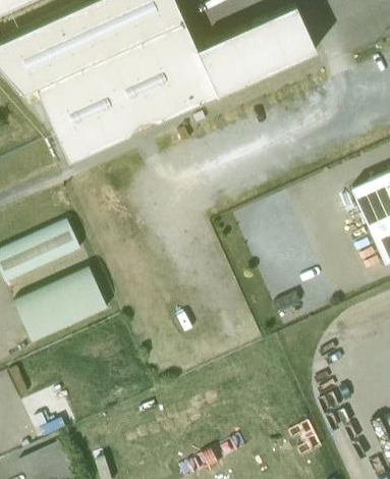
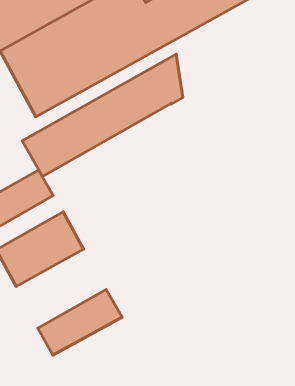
building: none -> [22,54,183,177]
building: none -> [38,290,122,355]

